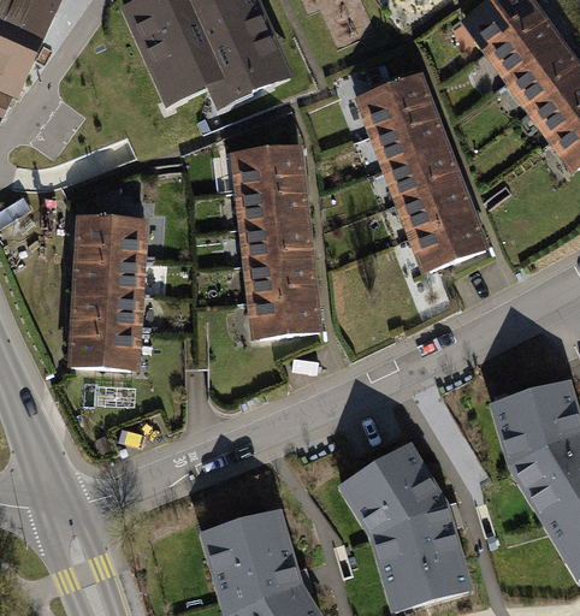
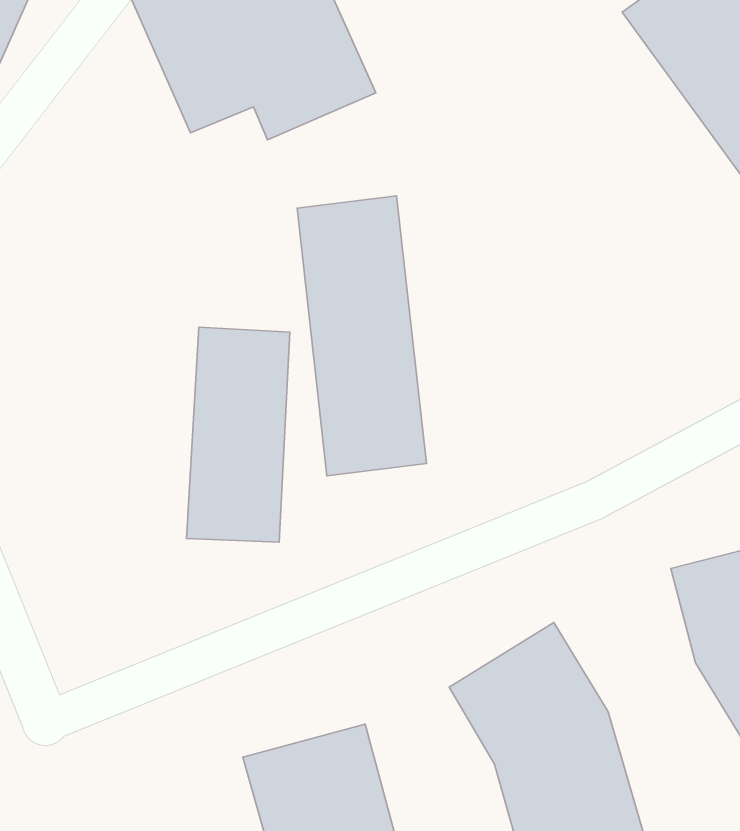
building: [359,75,485,271] -> none
building: [72,218,143,366] -> [187,327,290,542]

